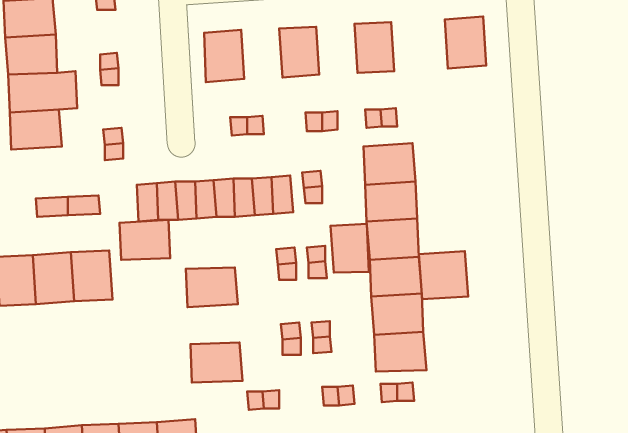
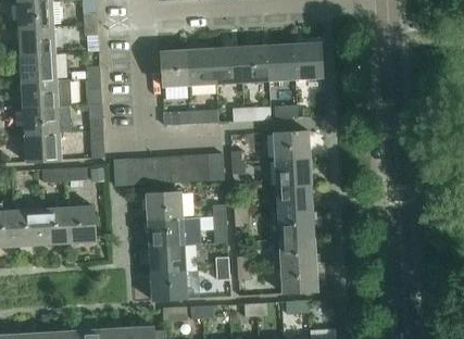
building: [445,16,486,69] -> [293,42,323,79]
building: none -> [240,46,269,81]
building: none -> [187,49,216,85]
building: none -> [24,133,61,162]
building: [120,220,170,260] -> [147,191,183,219]
building: [331,224,369,273] -> none
building: [419,251,468,299] -> none
building: none -> [149,244,186,273]

